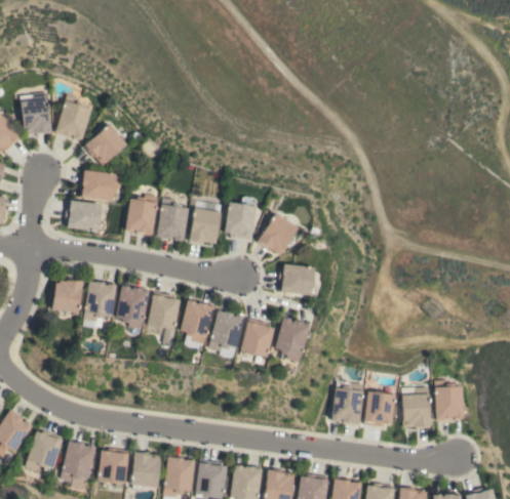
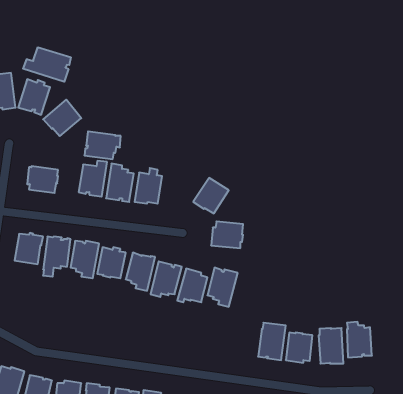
building: none -> [23,47,71,82]
building: [80,170,122,202] -> [84,131,121,159]
building: [225,197,258,241] -> none

